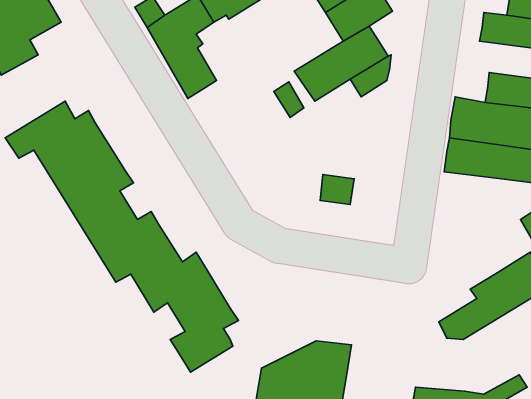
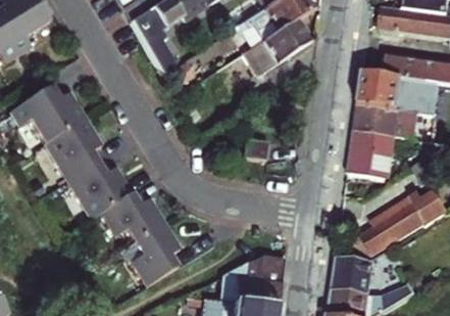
building: none -> [235,11,274,49]
building: none -> [345,131,393,177]
building: none -> [329,258,369,296]

